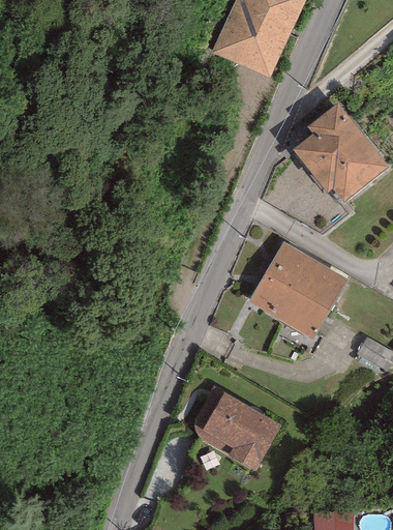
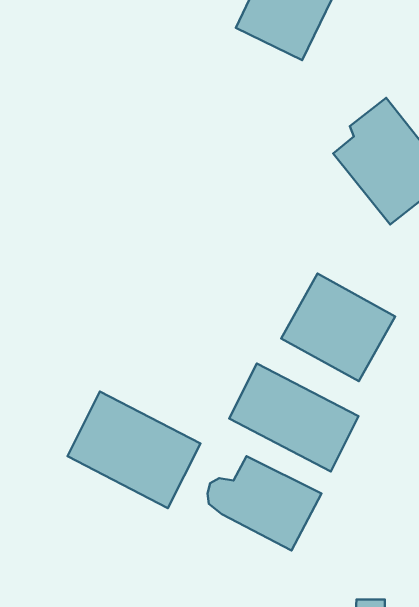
building: none -> [229,363,359,471]
building: none -> [67,392,201,508]

